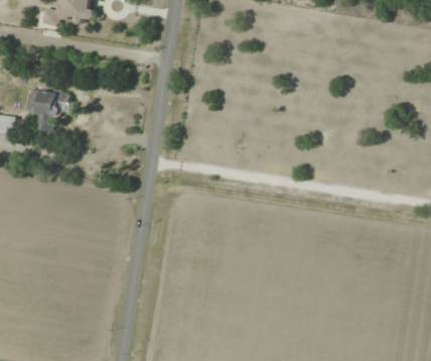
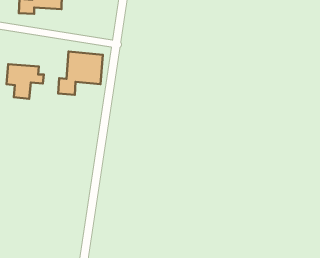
building: none -> [58,51,103,95]

